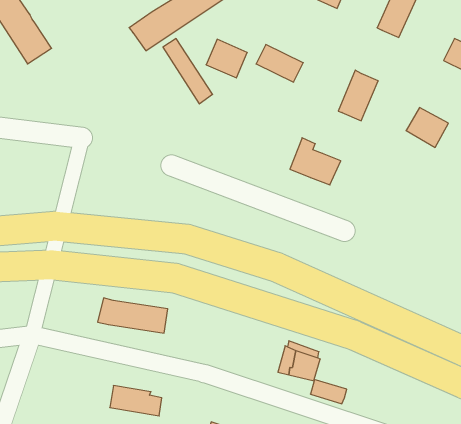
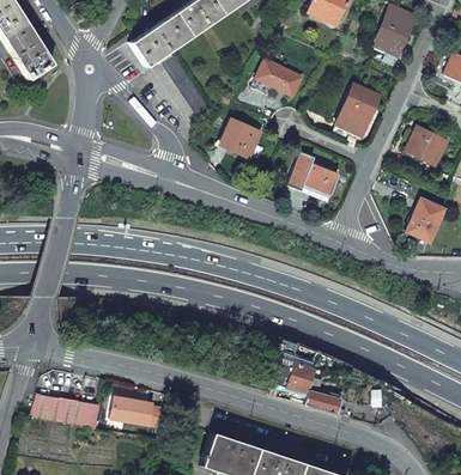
building: [206,39,247,78] -> [222,120,262,158]
building: none -> [405,197,443,240]
building: [98,298,168,333] -> [31,394,101,428]

